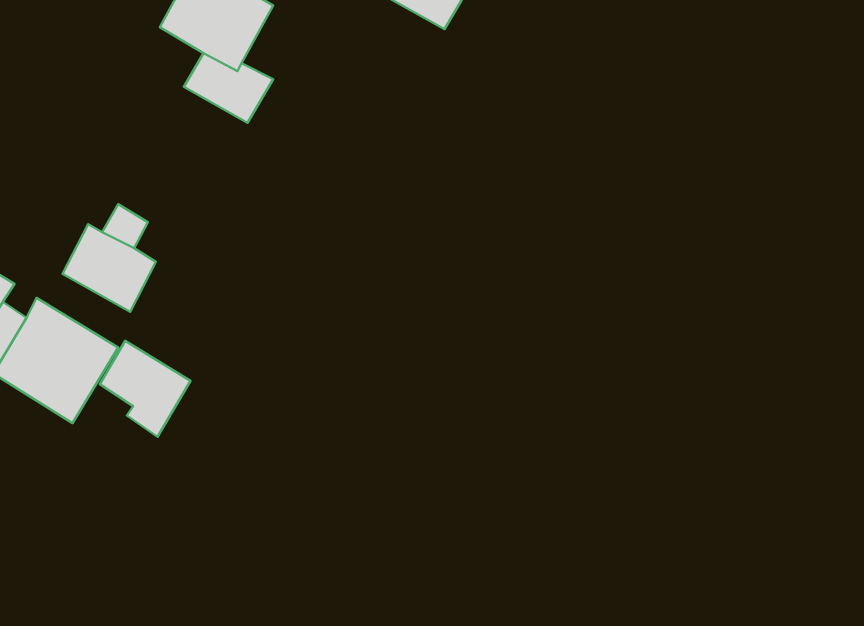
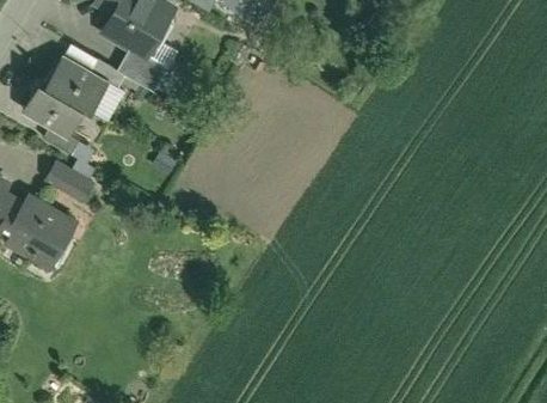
building: none -> [20,51,105,139]
building: [100,341,190,437] -> none

